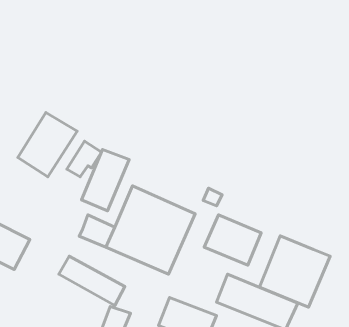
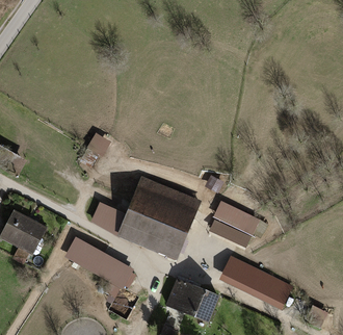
building: [18,113,77,177] -> none
building: [82,150,129,211] -> none
building: [259,236,330,307] -> none

